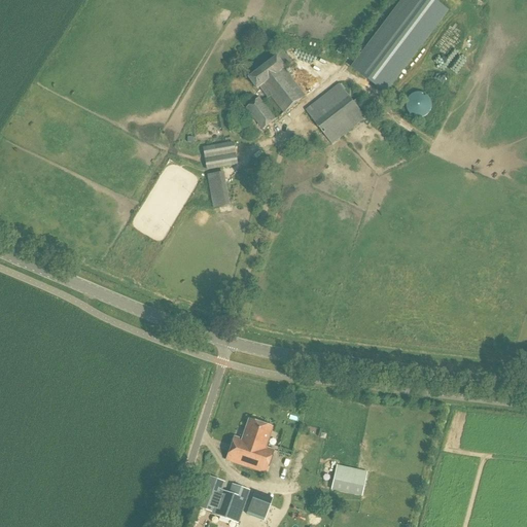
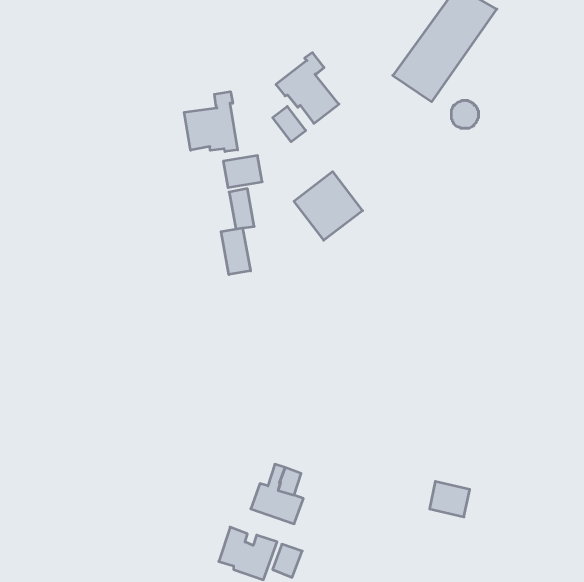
building: [304,81,365,143] -> [294,172,363,240]
building: none -> [184,92,238,152]
building: none -> [221,228,251,275]
building: [329,463,365,495] -> [430,481,470,517]

